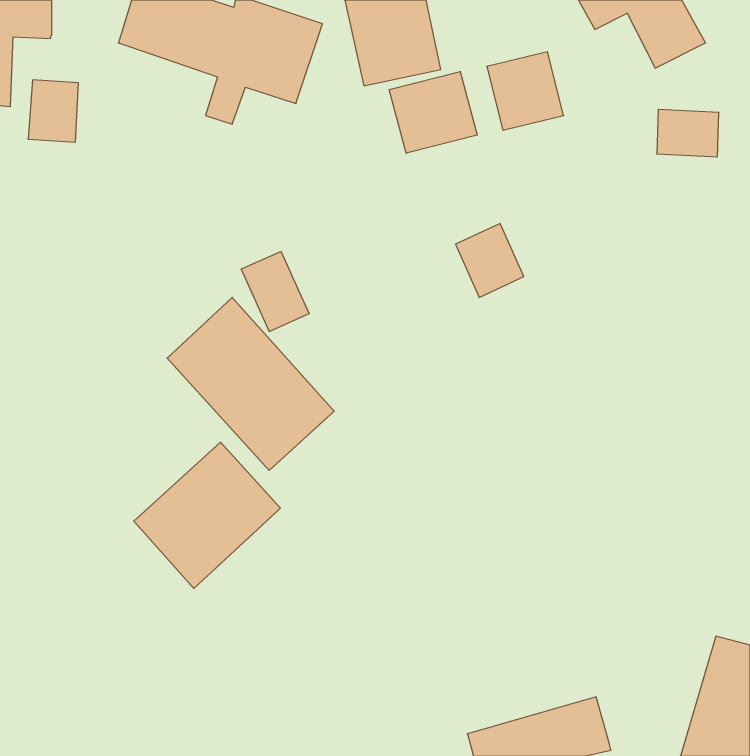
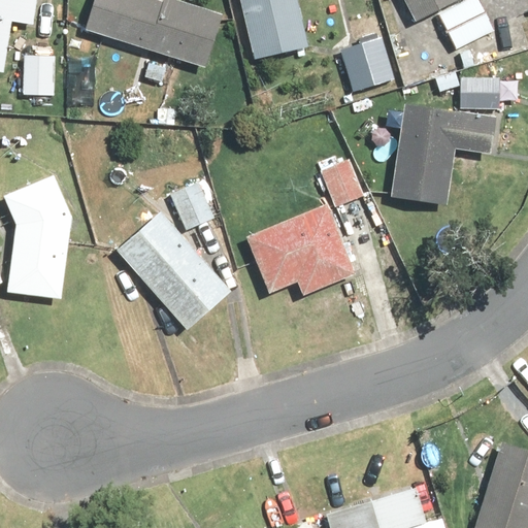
building: [389,71,477,153] -> none
building: none -> [398,108,494,201]
building: none -> [4,176,70,295]
building: none -> [248,205,356,295]
building: [134,442,280,588] -> none

